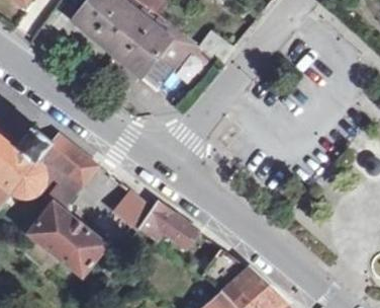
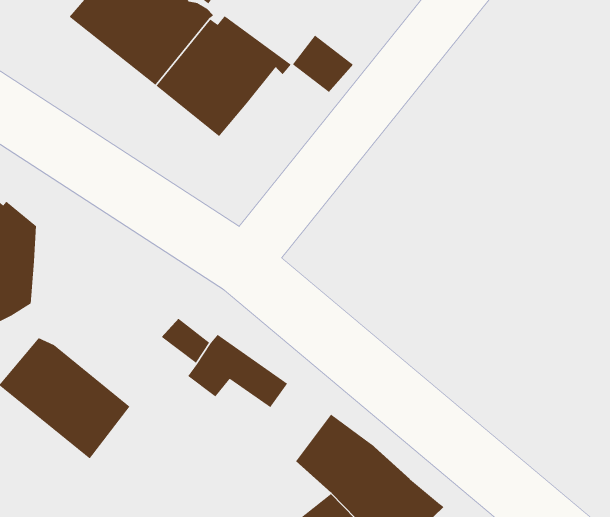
building: [53,136,101,189] -> none

